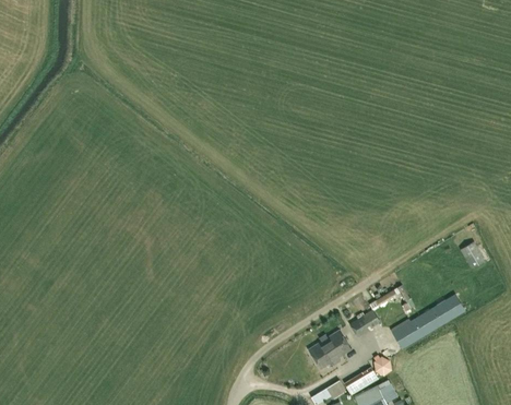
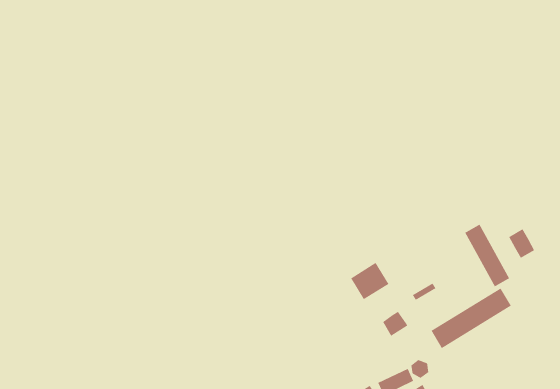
building: none -> [464,224,510,287]
building: [308,336,343,370] -> [350,262,390,300]

